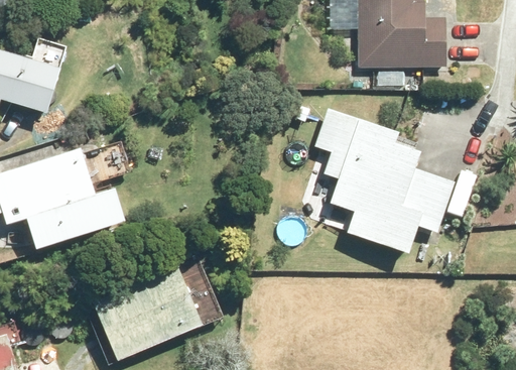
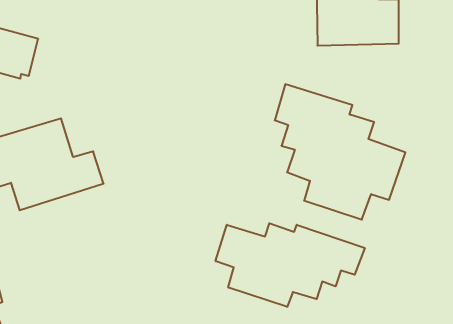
building: none -> [216,223,365,307]
building: [96,267,206,360] -> none

